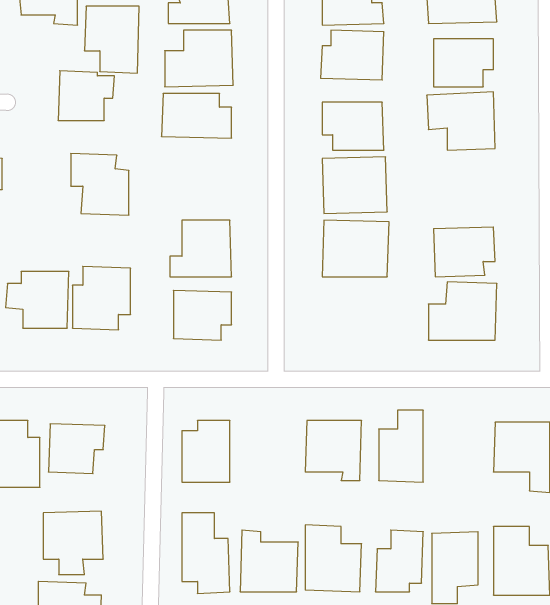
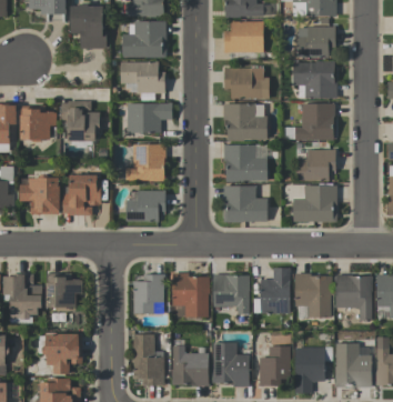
building: [58,71,114,120] -> [20,108,57,140]
building: none -> [127,102,172,133]
building: none -> [285,103,334,140]
building: none -> [223,185,268,222]
building: none -> [172,274,209,318]
building: none -> [294,274,332,318]

